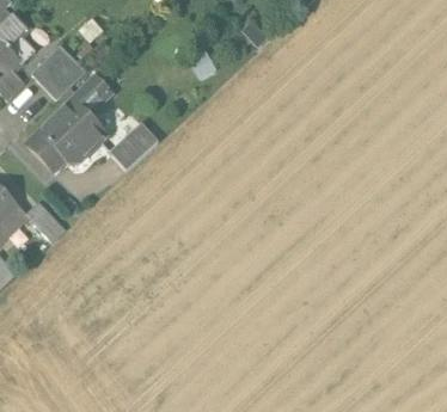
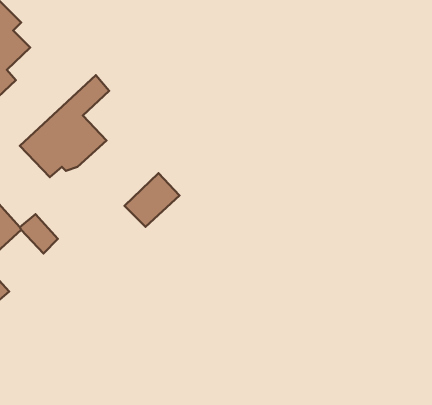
building: [31,45,86,99] -> none
building: [108,122,158,171] -> [124,173,179,227]

